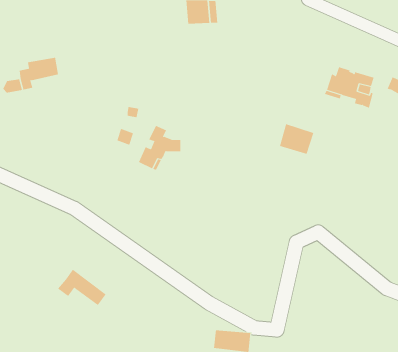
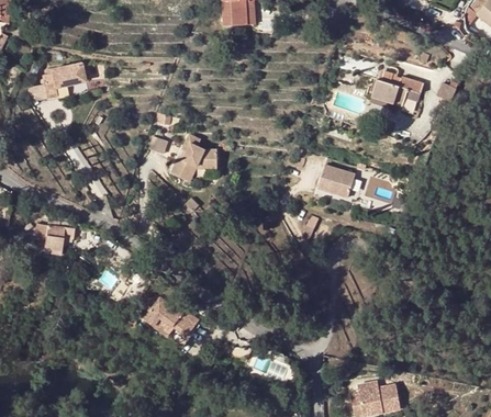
building: [279,124,314,154] -> [316,167,354,200]
building: none -> [44,222,74,256]
building: [57,269,106,306] -> [144,297,197,337]

